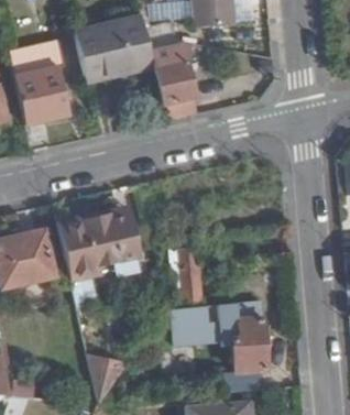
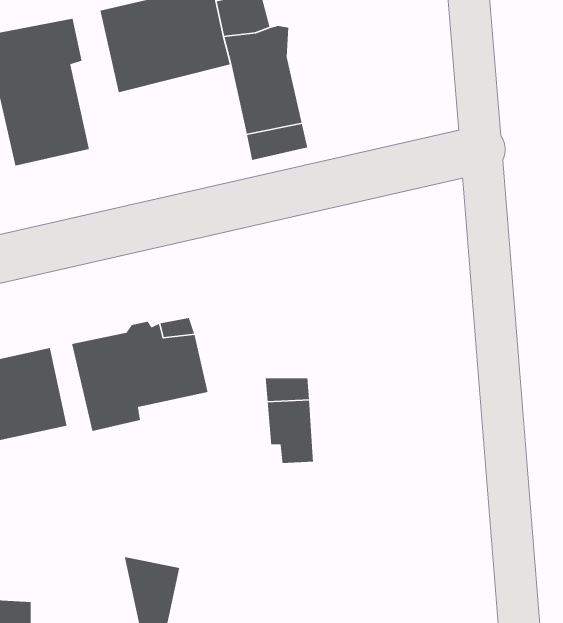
building: [172,307,219,347] -> none
building: [232,318,266,372] -> none

